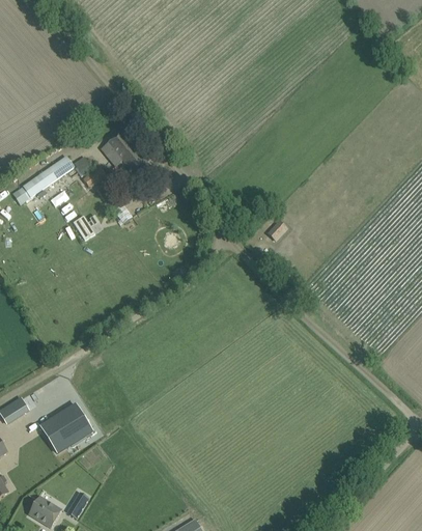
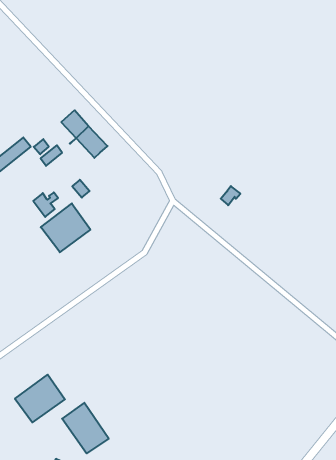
building: none -> [41,203,90,252]
building: none -> [62,403,109,453]

